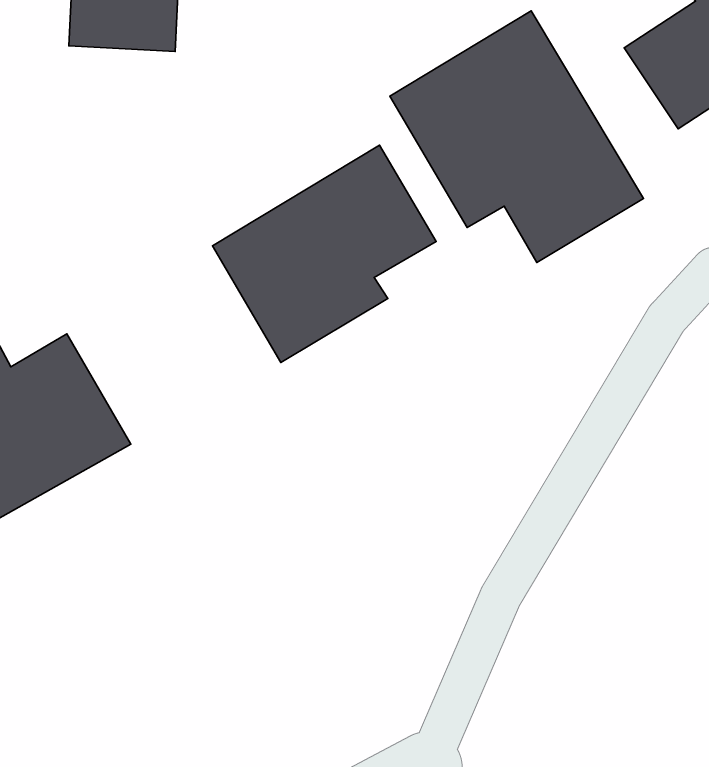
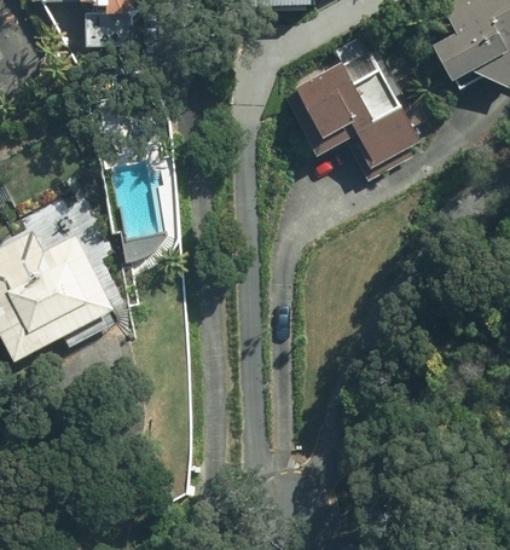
building: [213,145,436,362] -> none

